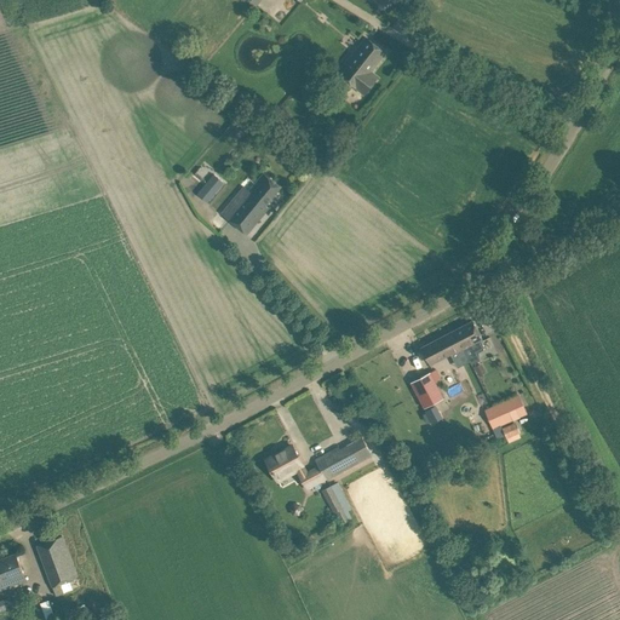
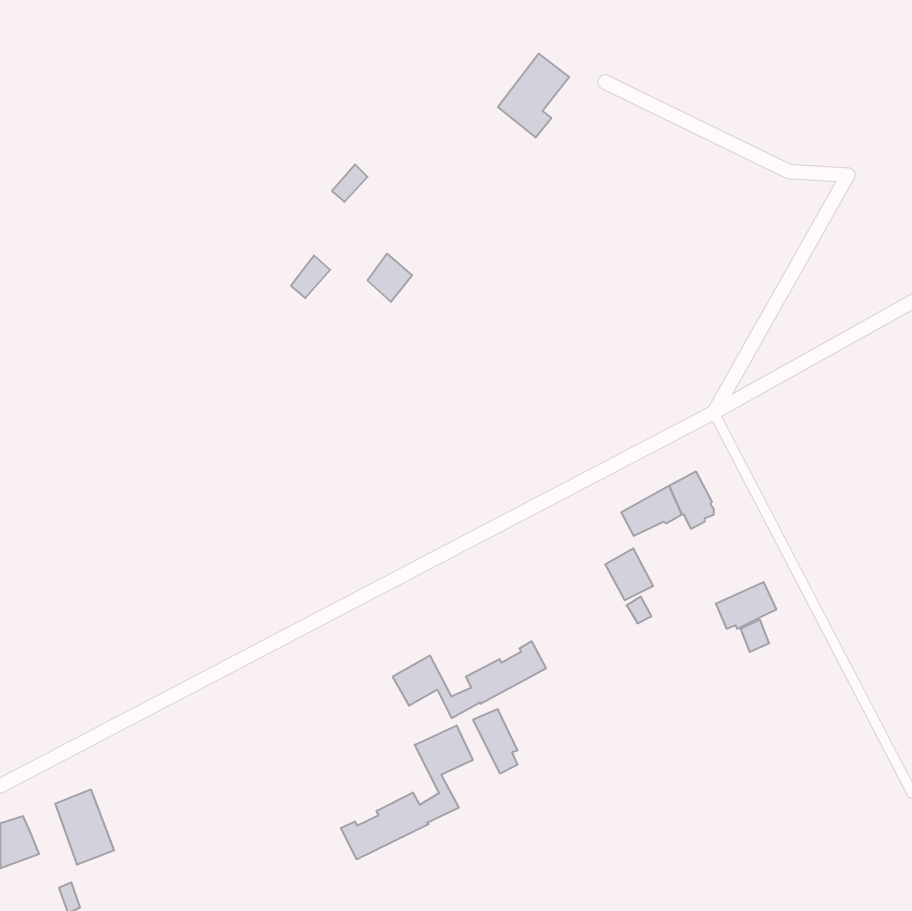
building: [222,186,269,235] -> none
building: none -> [341,726,473,859]

